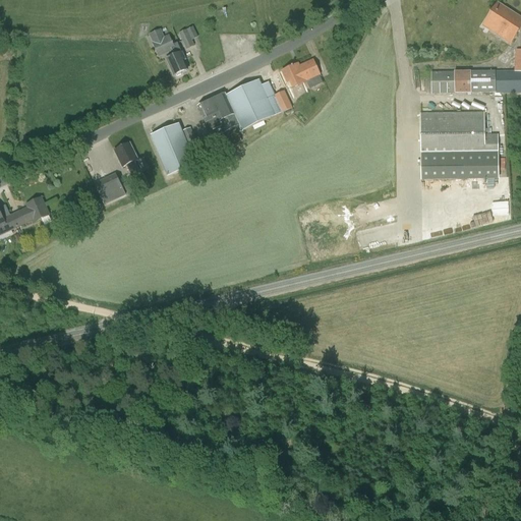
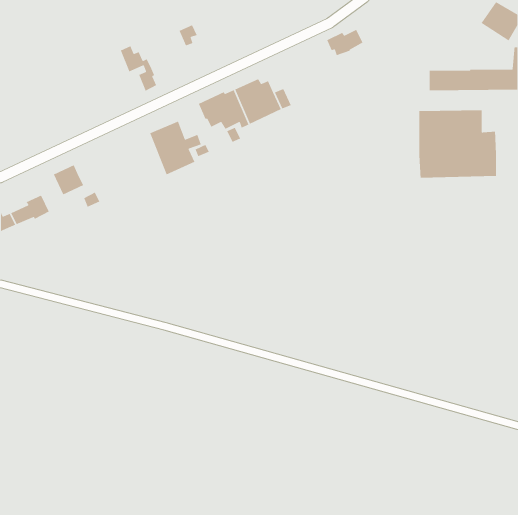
building: [150,27,187,74] -> [120,45,157,92]
building: [282,58,320,85] -> [326,29,364,56]
building: [114,141,140,174] -> none
building: [95,172,126,204] -> [53,164,84,196]

